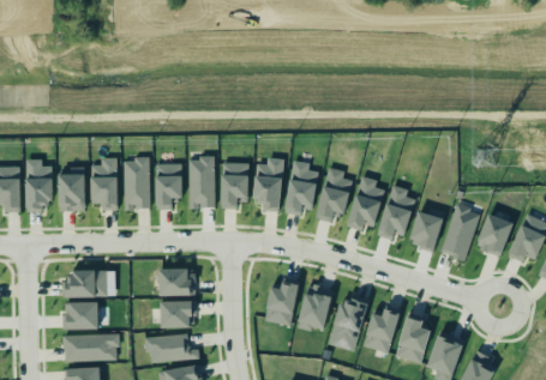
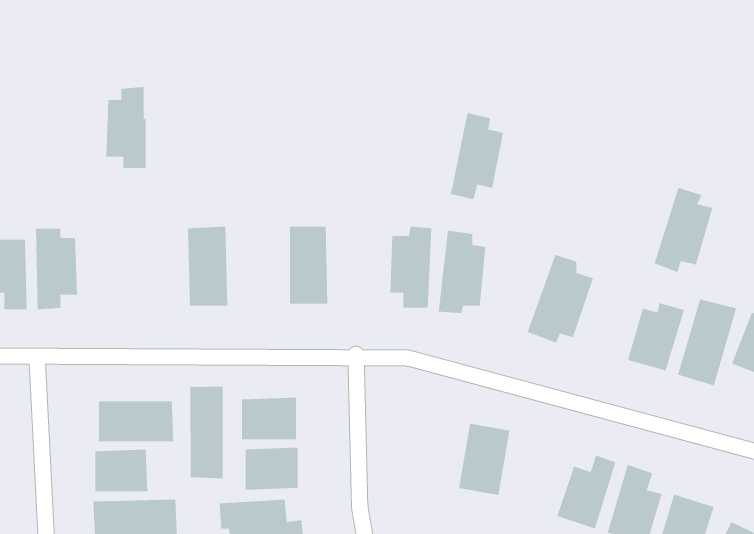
building: [91,157,118,210] -> [106,87,146,168]
building: [156,163,182,209] -> none
building: [222,164,246,210] -> none
building: [317,167,352,223] -> [450,112,504,200]
building: [58,169,85,211] -> none
building: [377,186,415,241] -> [654,187,713,273]
building: none -> [190,386,223,479]
building: [265,282,298,326] -> none
building: [329,295,368,351] -> none

